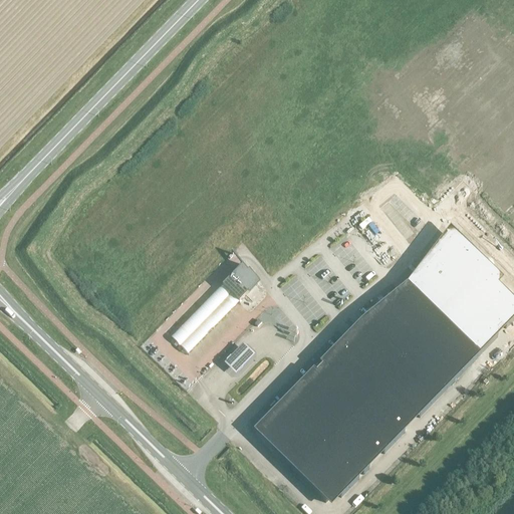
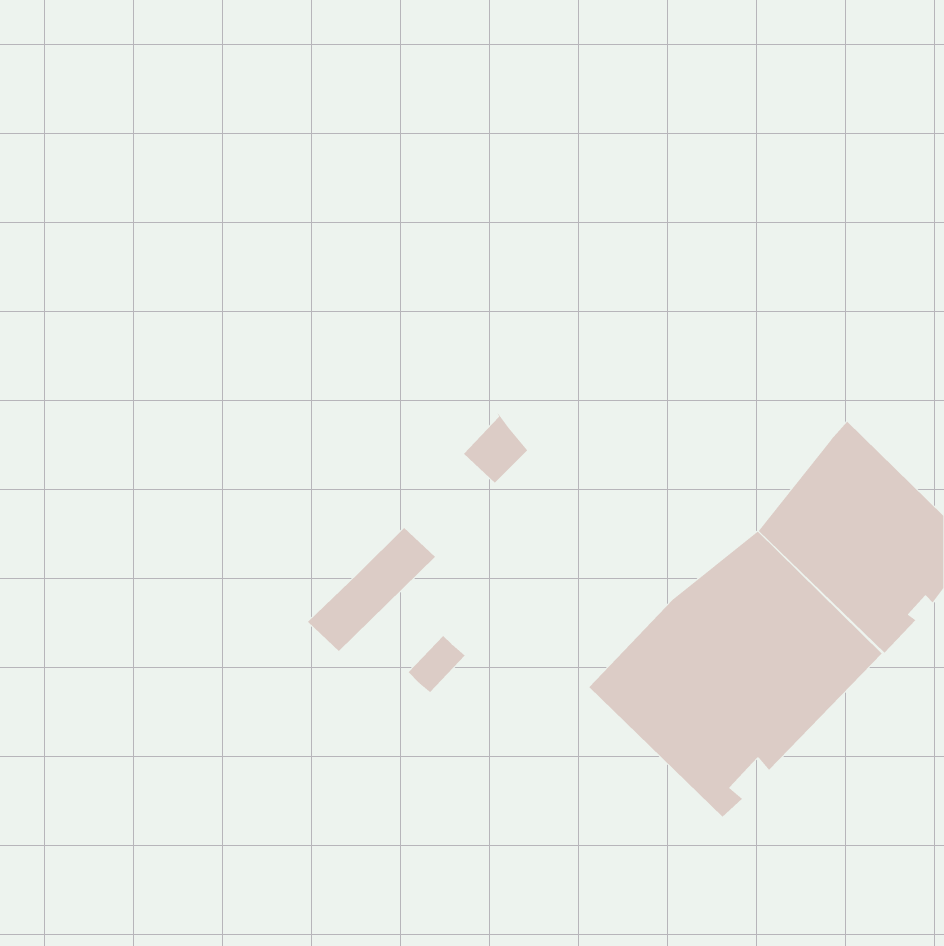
building: [218,262,253,300] -> [463,413,528,484]
building: [259,370,390,501] -> none

